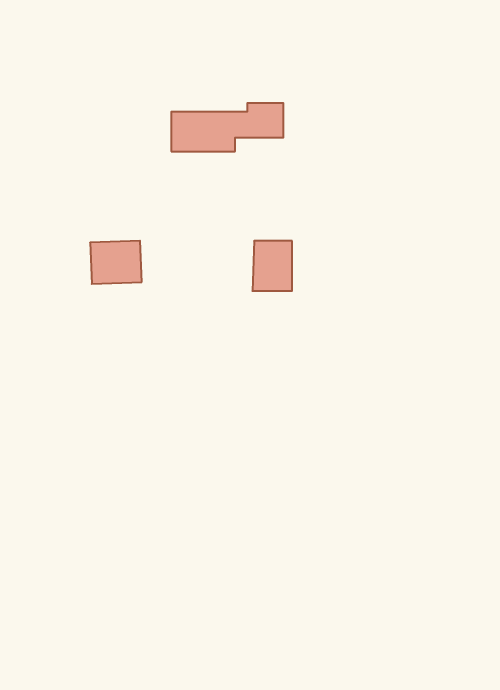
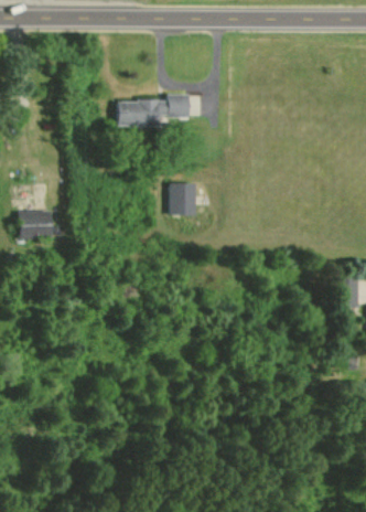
building: [90,241,142,284] -> [18,211,51,238]

